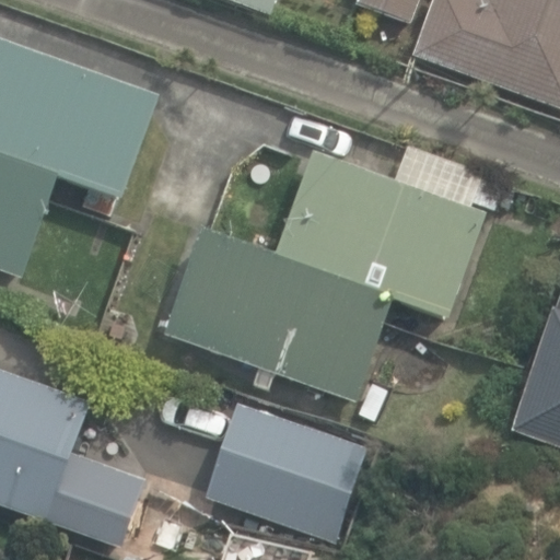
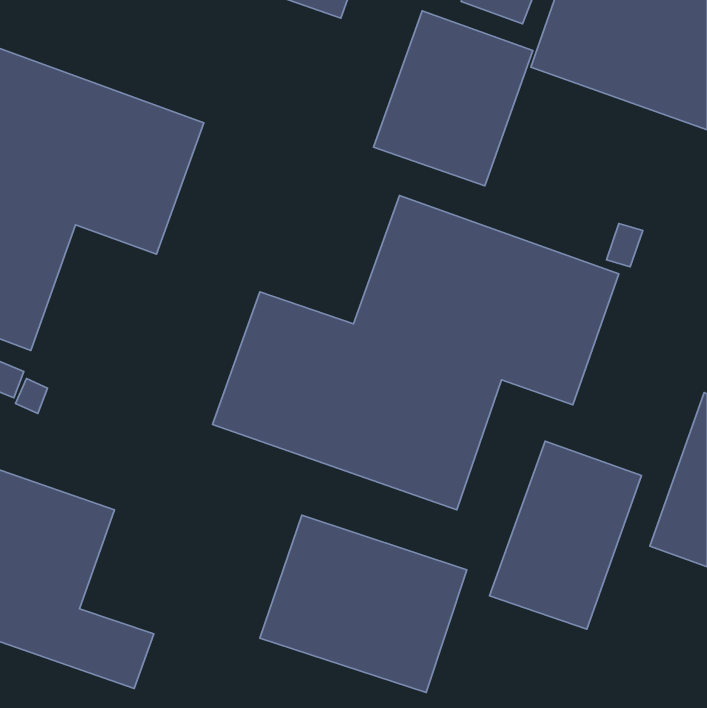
building: none -> [373,11,533,186]
building: none -> [490,441,642,629]

